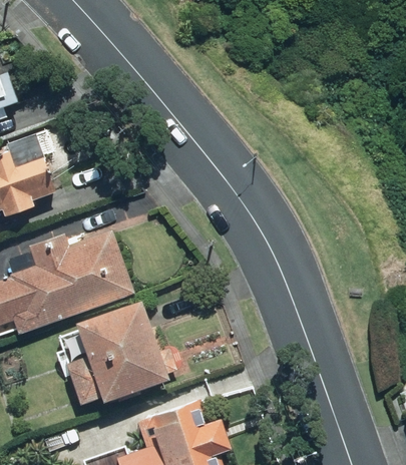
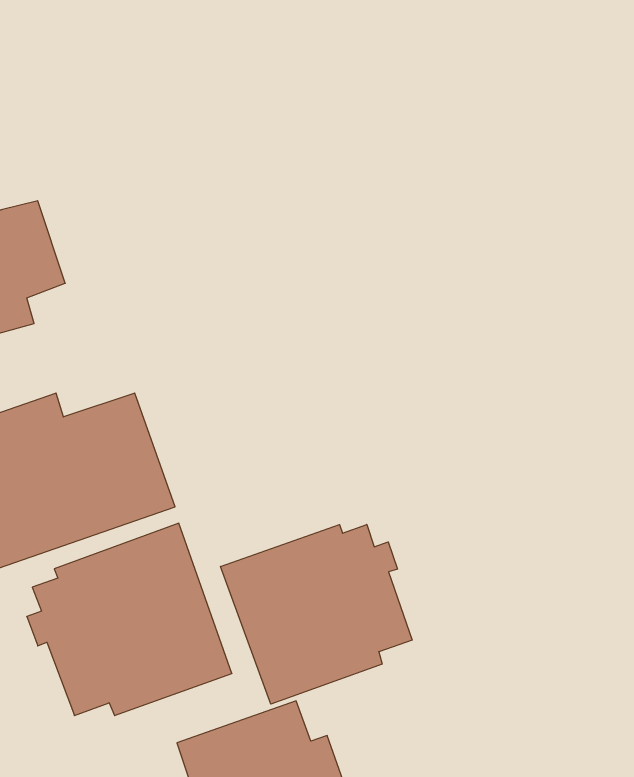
building: none -> [221,524,412,704]

